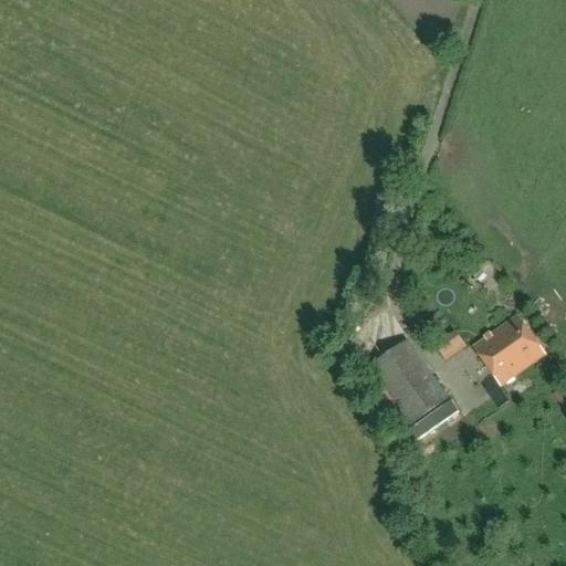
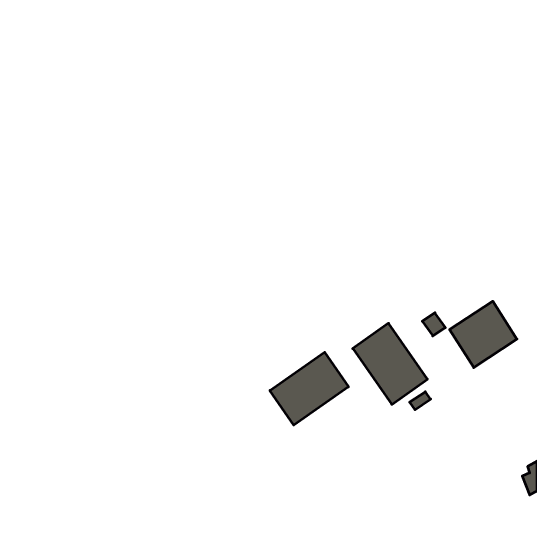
building: none -> [270,352,348,425]

